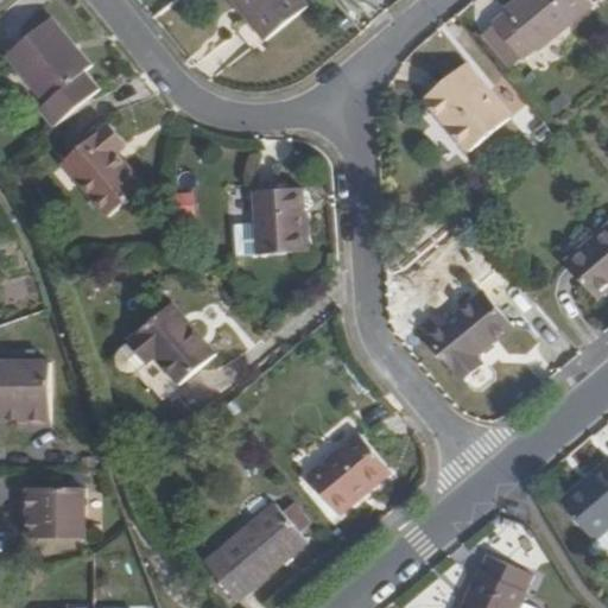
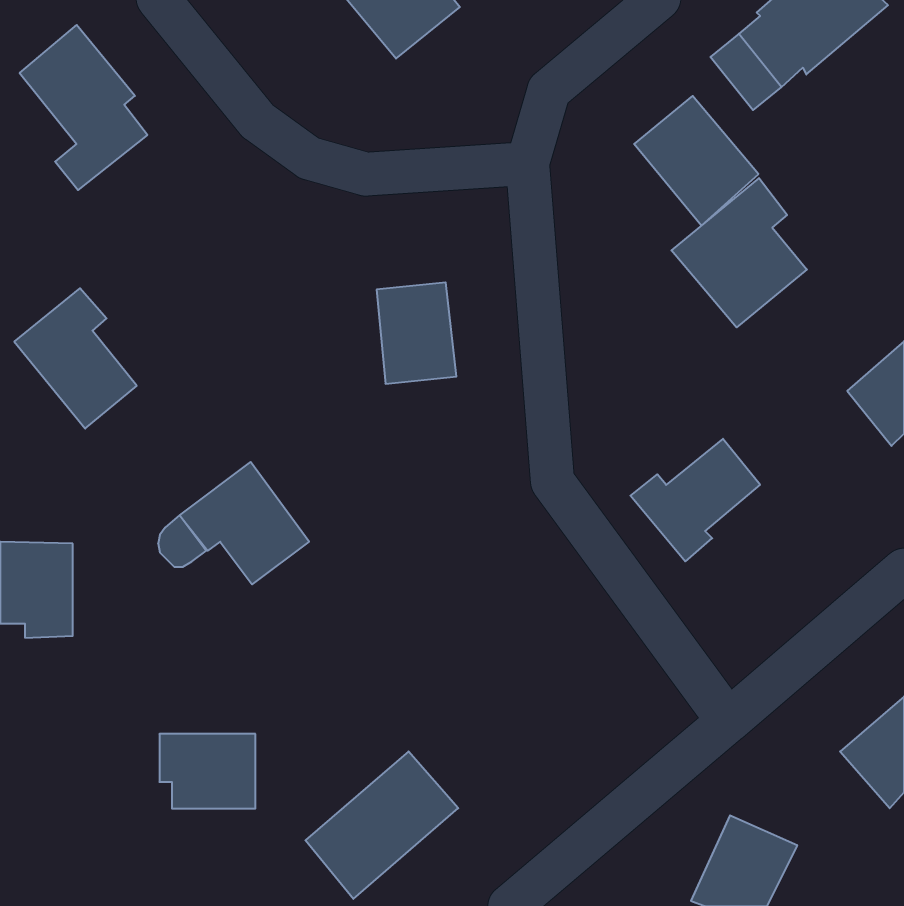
building: none -> [671,178,807,327]
building: [63,124,145,217] -> [14,288,137,429]
building: [305,429,387,512] -> none
building: [19,487,83,537] -> [159,734,255,809]

